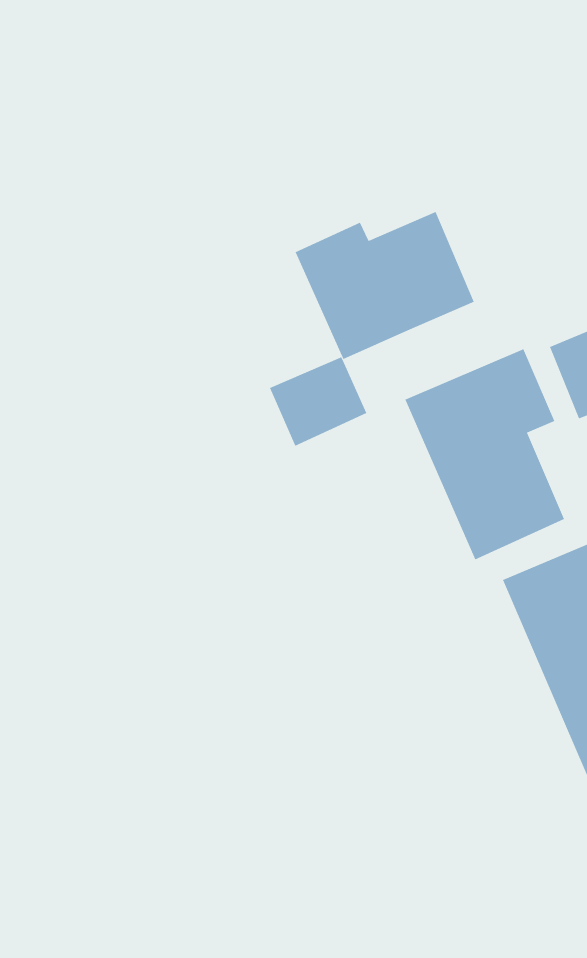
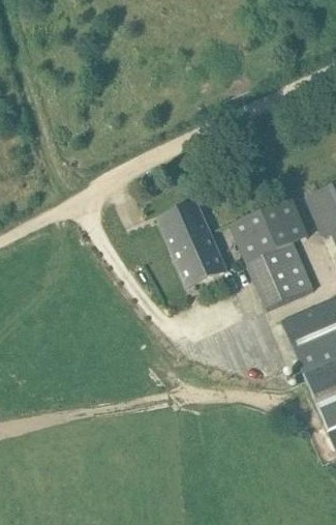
building: [295,211,475,360] -> none
building: none -> [171,232,225,287]

